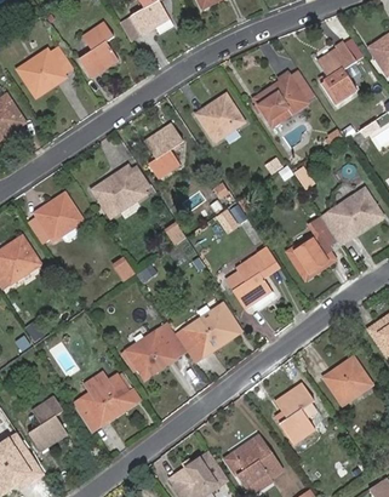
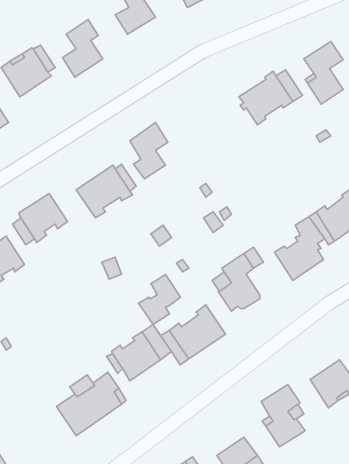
building: [195,93,244,141] -> none
building: none -> [139,275,180,324]
building: [28,395,67,452] -> none

